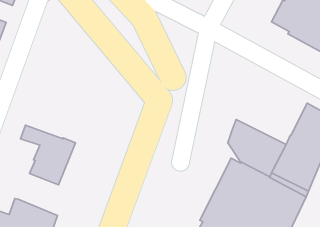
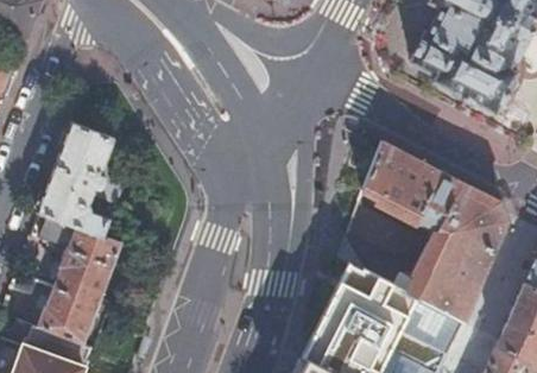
building: none -> [37,119,131,234]
building: none -> [362,141,462,229]
building: none -> [37,285,96,341]

